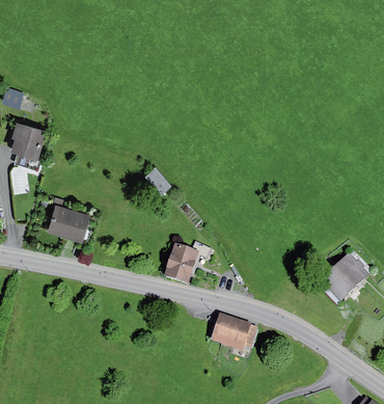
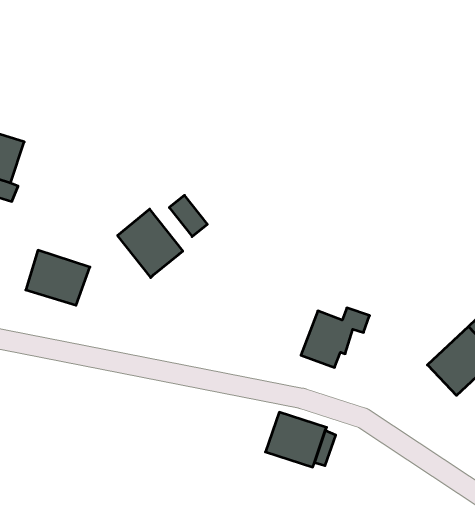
building: none -> [118,209,183,278]
building: [164,245,211,286] -> [301,308,370,367]

